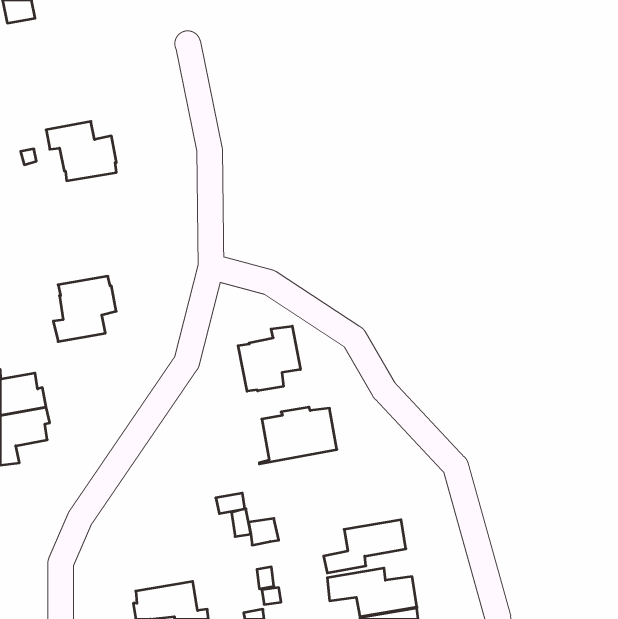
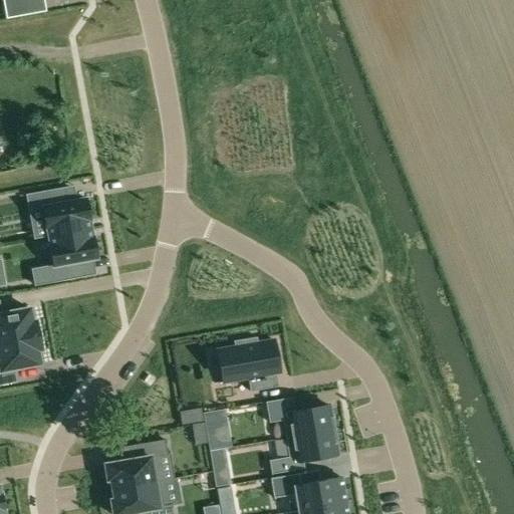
building: [46,121,116,181] -> [32,187,90,236]
building: [238,326,300,391] -> none
building: none -> [266,398,333,439]
building: none -> [105,440,168,490]

